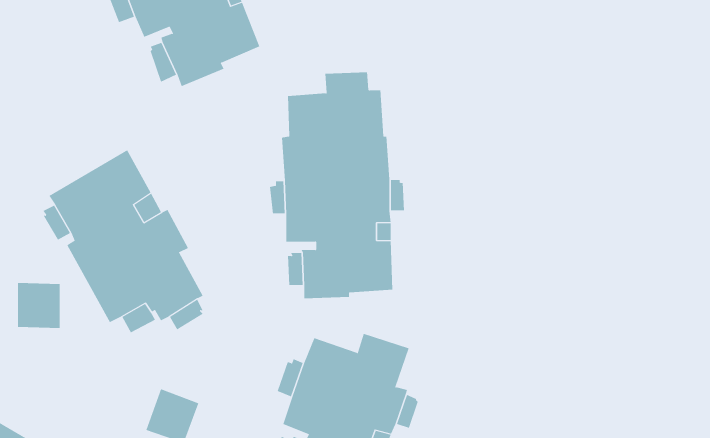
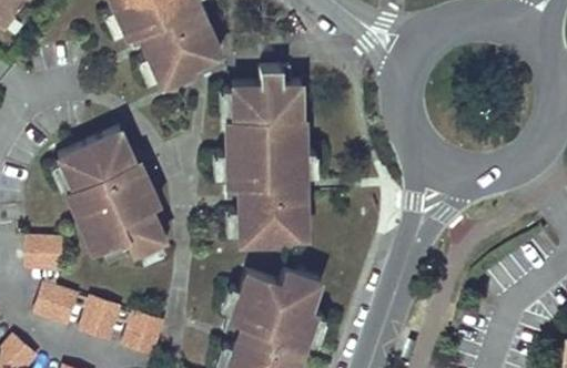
building: none -> [41,277,83,318]
building: none -> [84,294,124,335]

